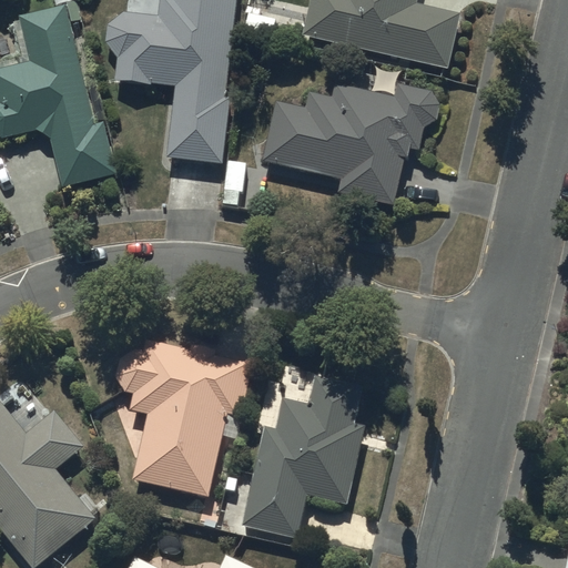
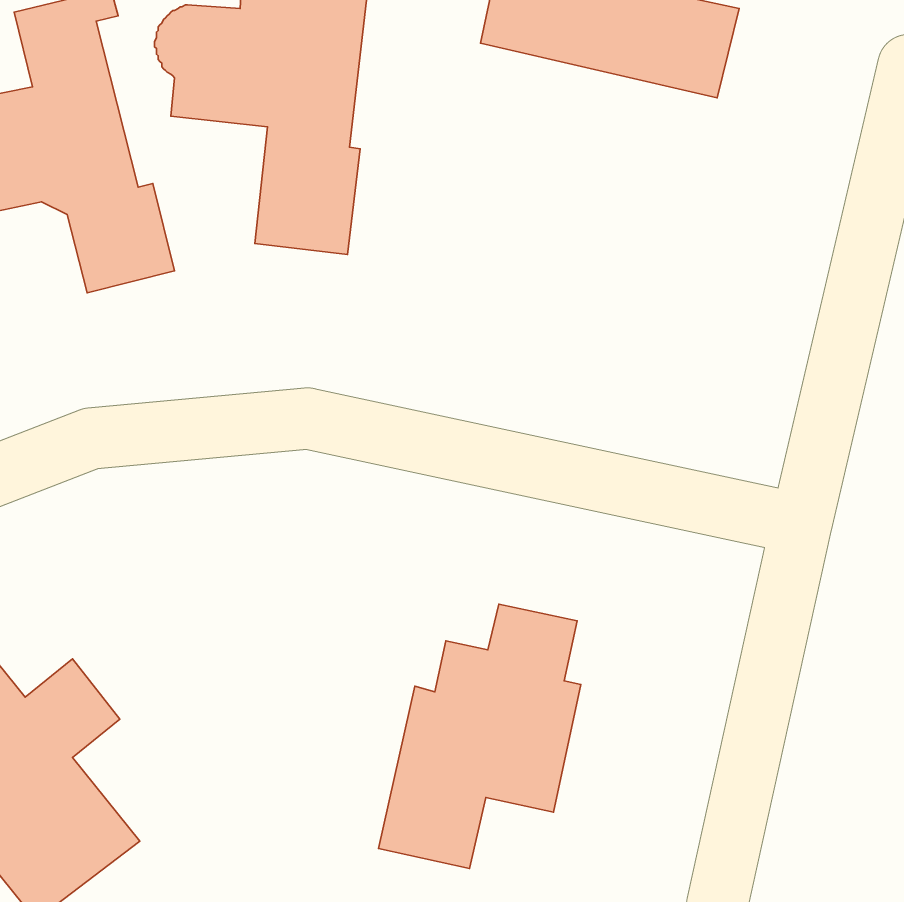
building: [262,82,439,204] -> none
building: [115,338,252,497] -> none

